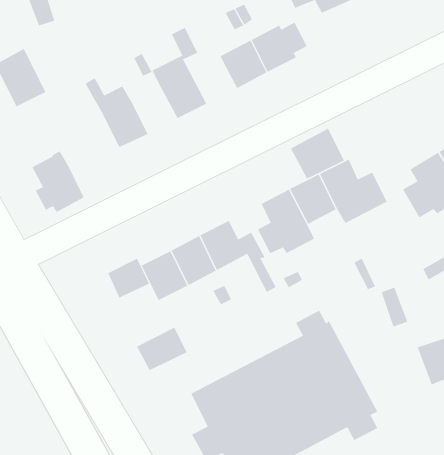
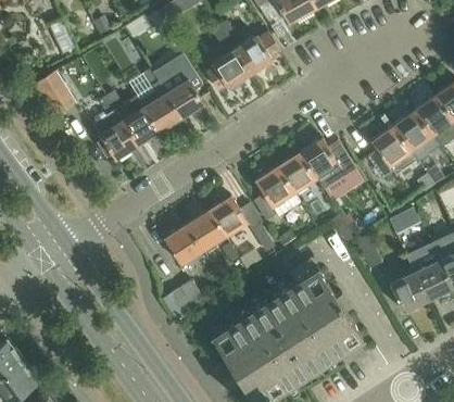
building: none -> [143,93,181,133]
building: [290,128,345,180] -> none
building: [32,151,85,213] -> [92,110,137,160]
building: [107,258,150,298] -> none

